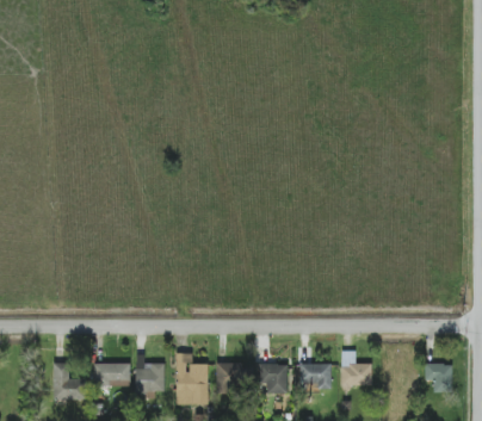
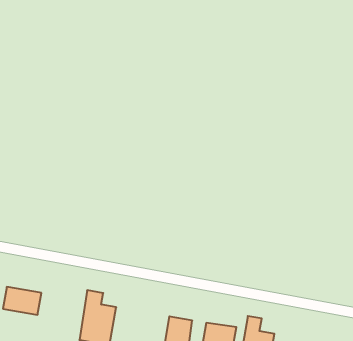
building: [135,363,163,391] -> none
building: [215,363,242,389] -> none

